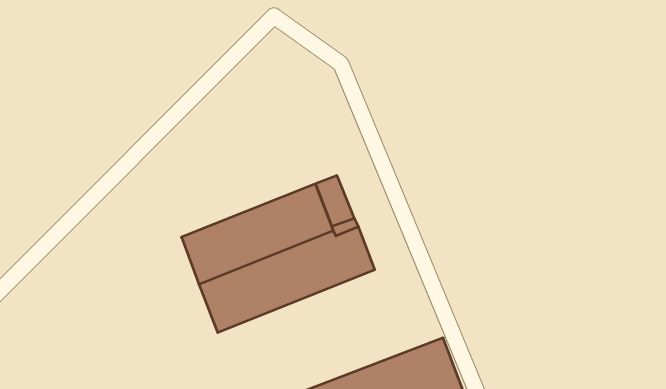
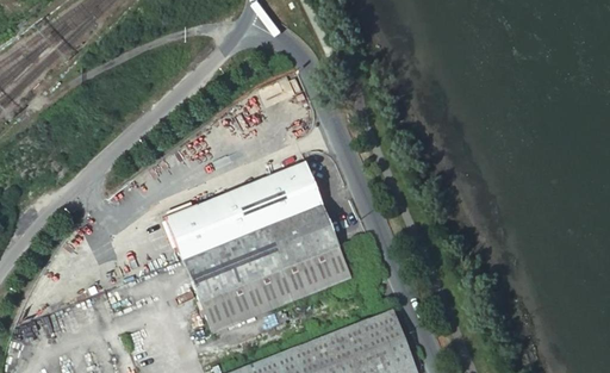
building: none -> [198,247,349,332]

